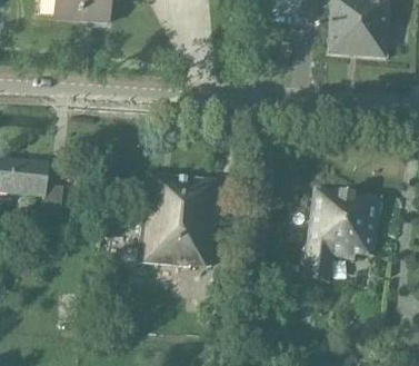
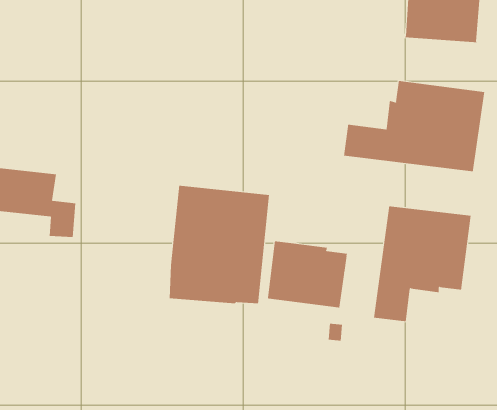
building: none -> [343,80,485,172]
building: none -> [266,240,348,309]

